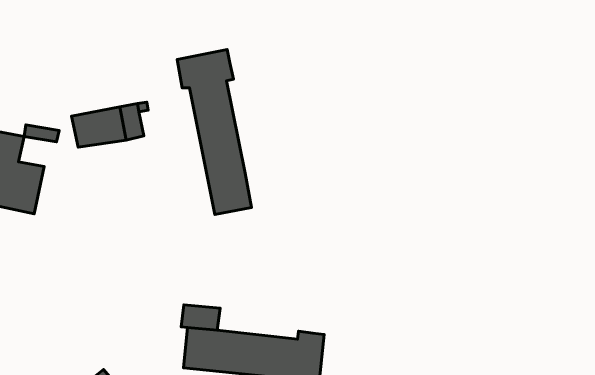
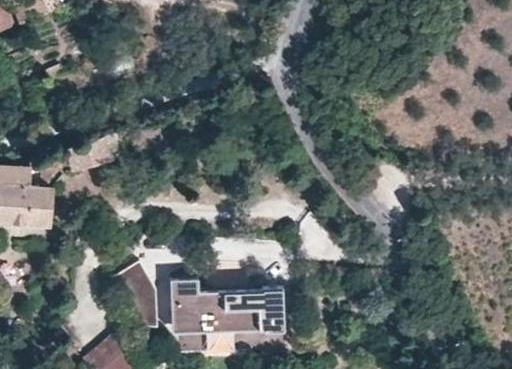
building: [177,50,251,214] -> none
building: none -> [114,263,157,332]

